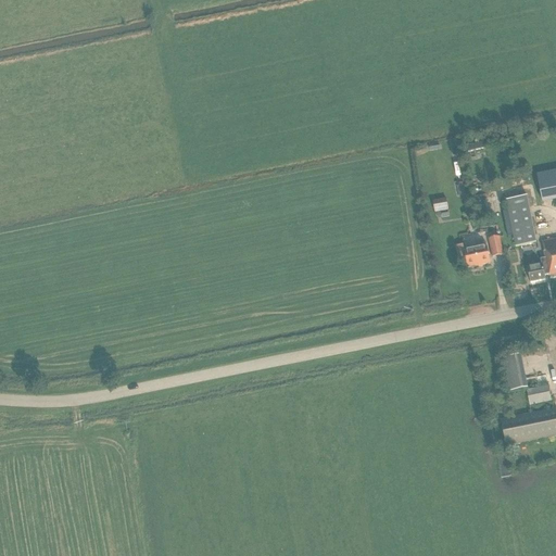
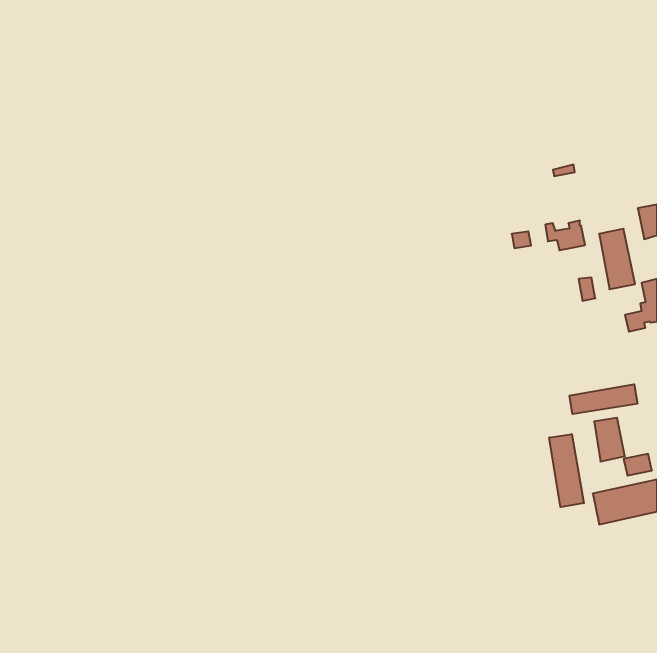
building: [456,240,490,265] -> [545,221,585,250]
building: none -> [570,384,637,414]
building: none -> [549,434,584,507]

